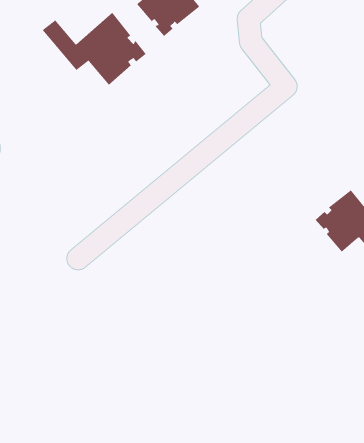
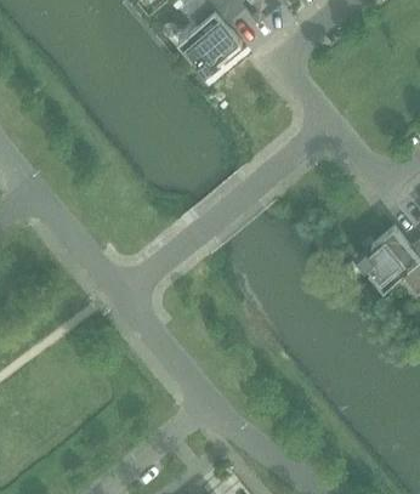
building: [42,12,147,86] -> none

